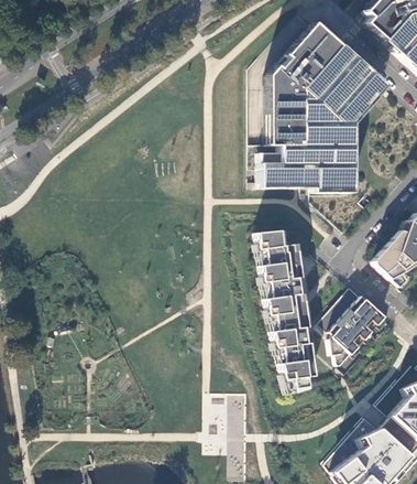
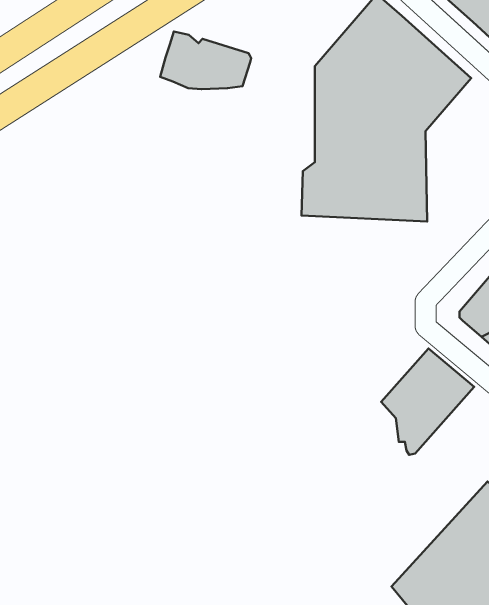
building: none -> [160,31,251,89]
building: [257,227,316,387] -> none

